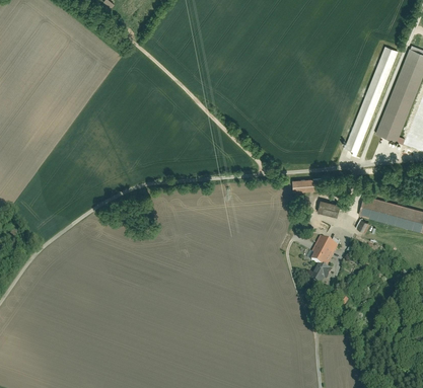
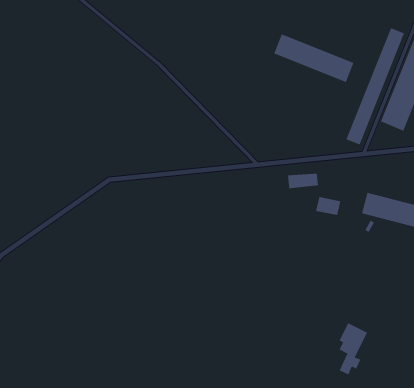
building: none -> [273,34,354,83]
building: [310,236,337,284] -> [339,322,368,375]

